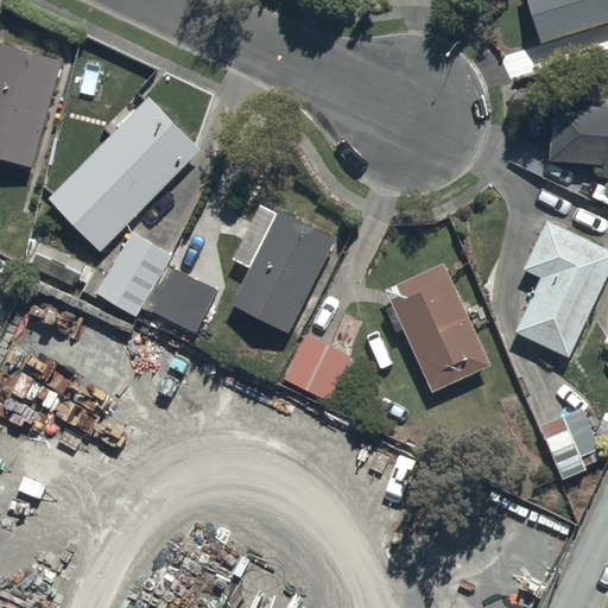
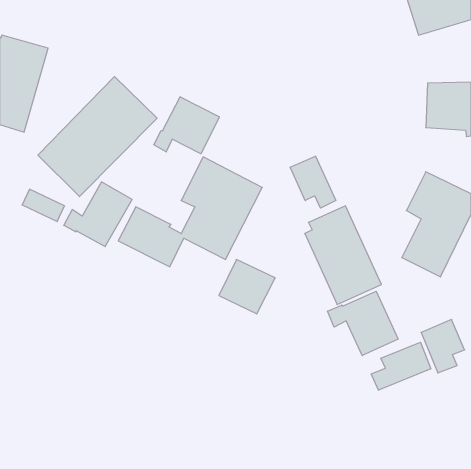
building: none -> [154,97,219,154]
building: none -> [290,156,336,208]
building: none -> [328,291,398,356]
building: none -> [371,342,431,390]

